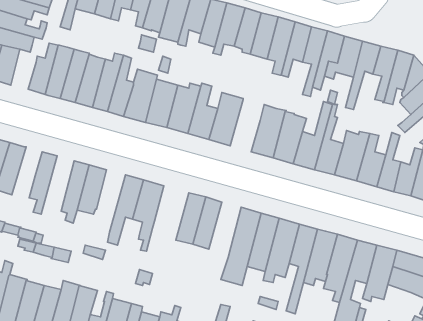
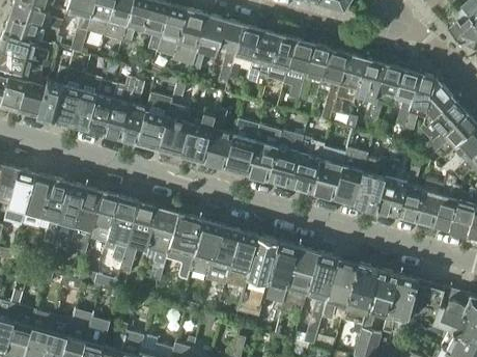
building: none -> [20,74,46,115]
building: none -> [246,125,281,180]
building: none -> [21,174,52,228]
building: none -> [51,184,85,246]
building: none -> [105,198,138,263]
building: none -> [166,215,203,279]
building: none -> [224,231,257,289]

